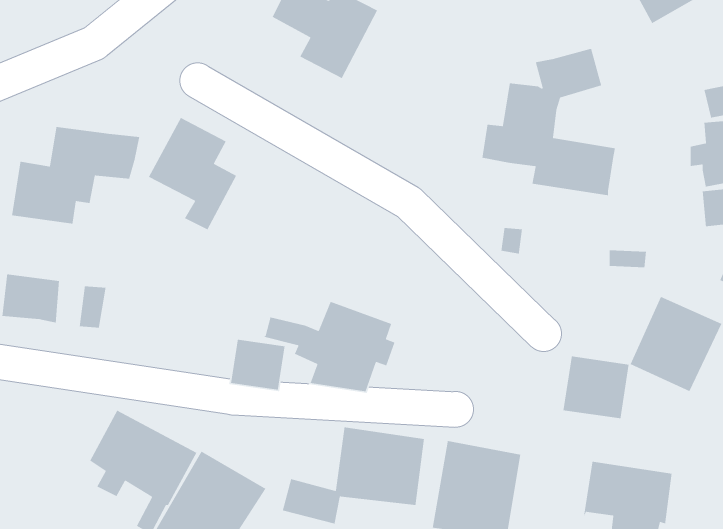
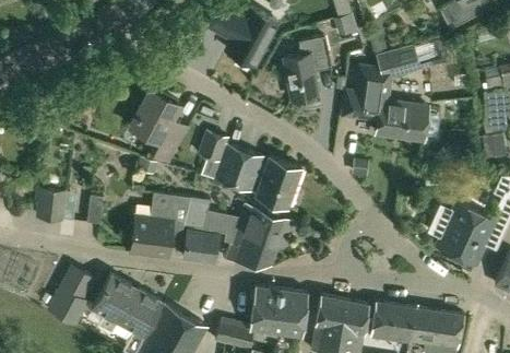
building: none -> [284,37,331,102]
building: [11,126,140,224] -> [130,195,212,257]
building: none -> [198,130,303,209]
building: [563,356,630,419] -> [370,303,413,343]
building: none -> [48,266,95,325]

